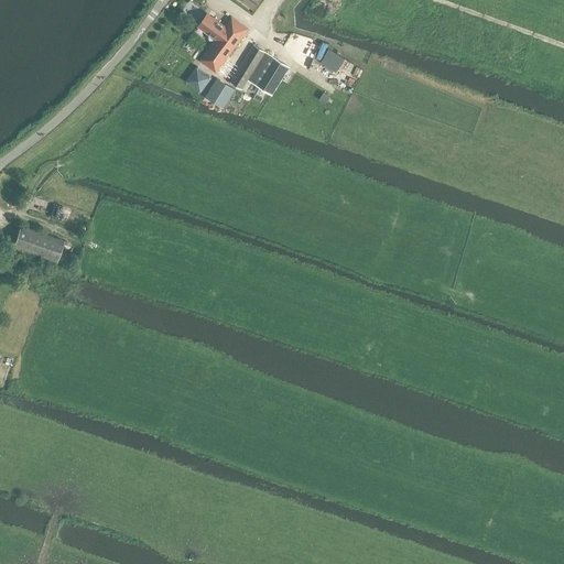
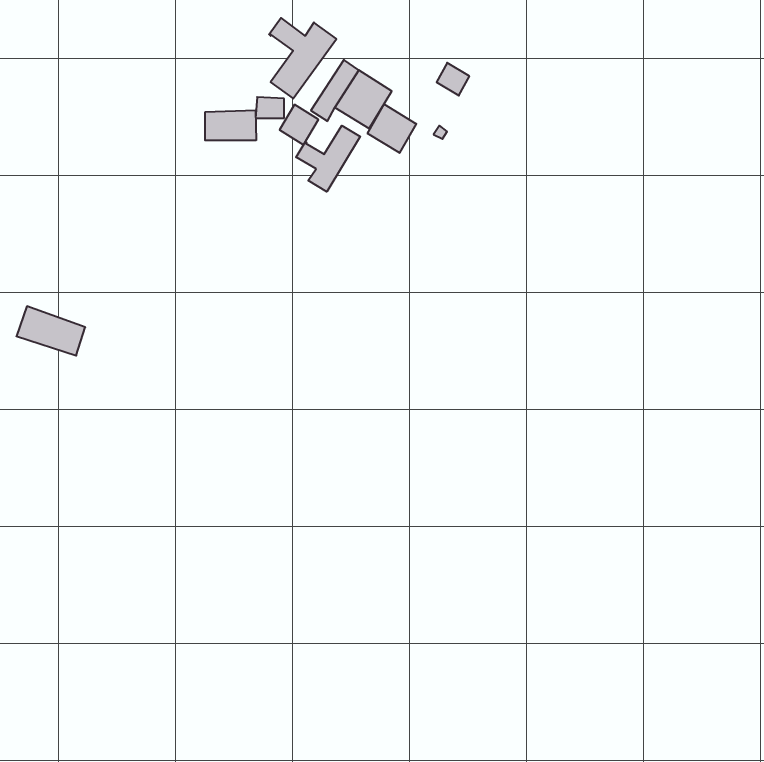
building: none -> [368,104,416,153]
building: none -> [205,110,256,140]
building: none -> [296,126,360,192]

